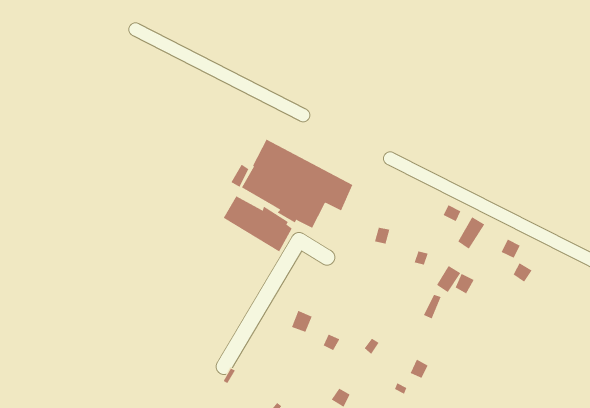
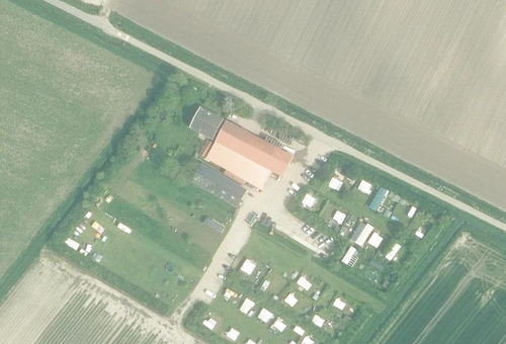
building: none -> [188,106,222,139]

